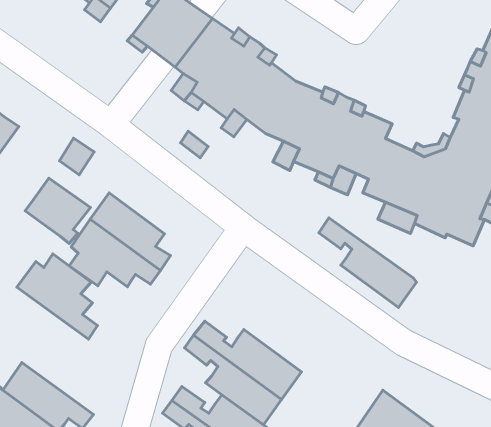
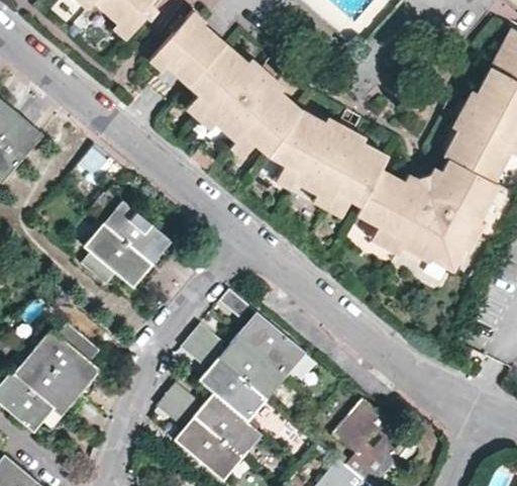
building: [25,178,90,244] -> none
building: [319,218,417,307] -> [219,290,306,377]
building: [17,254,97,339] -> [31,322,103,403]

